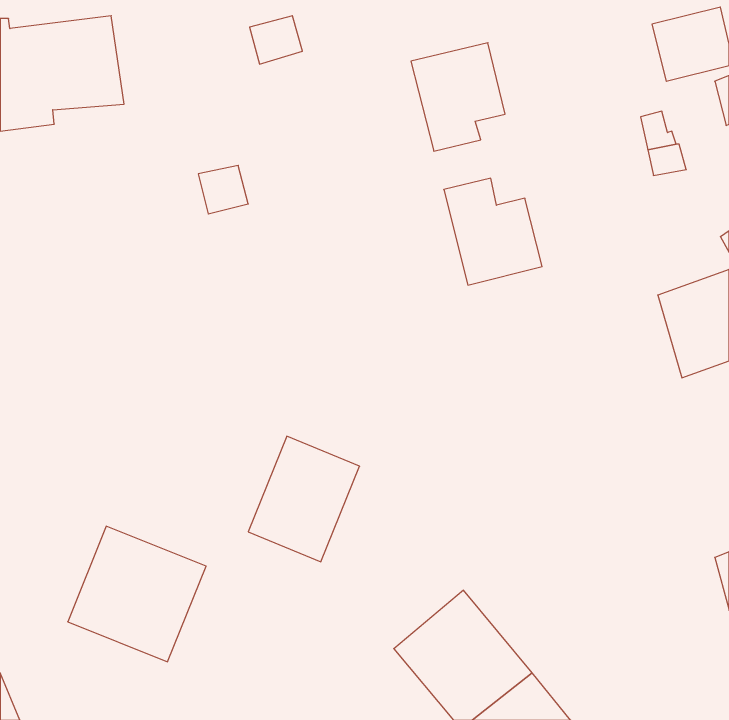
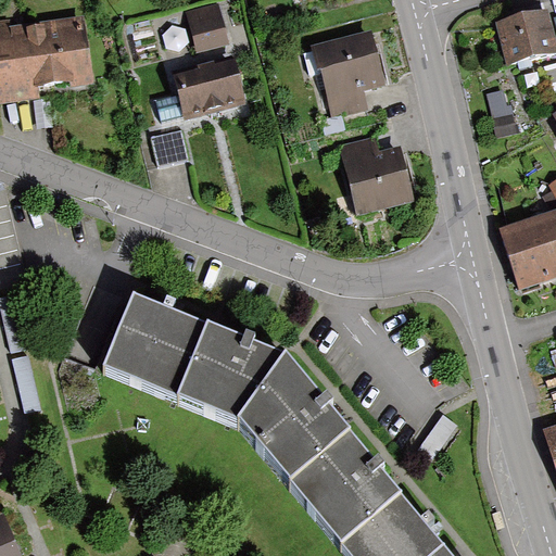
building: none -> [173,51,247,116]
building: none -> [244,355,353,494]
building: [68,526,206,662] -> [113,302,218,405]

